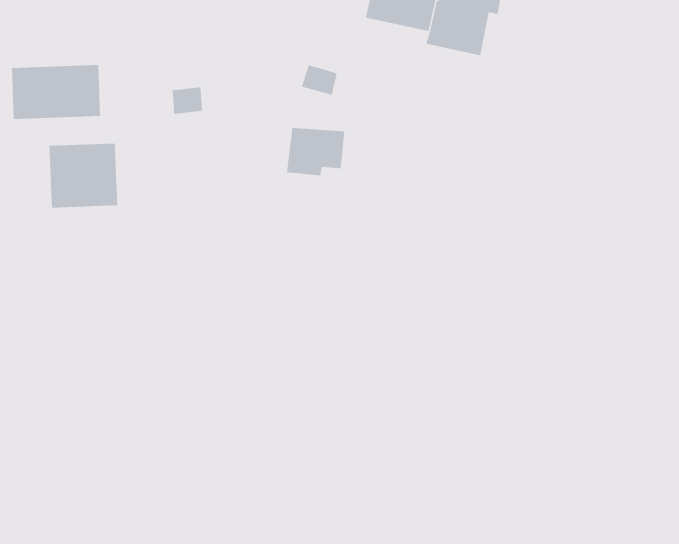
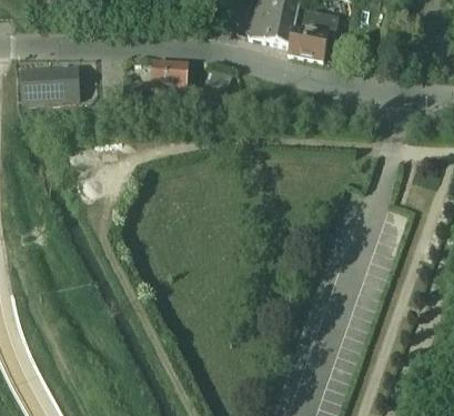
building: [286,128,345,176] -> [151,59,189,90]
building: [49,143,118,208] -> none

